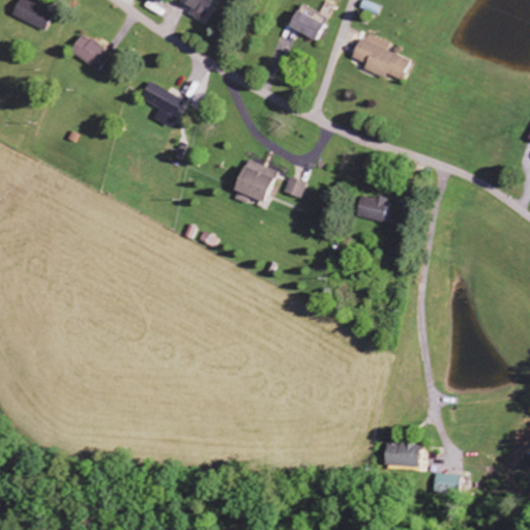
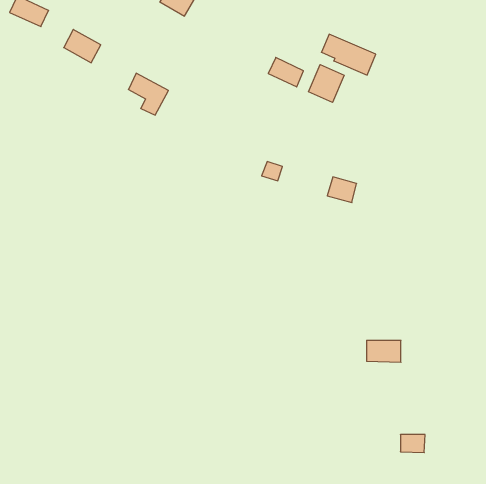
building: [285,8,323,40] -> [268,57,303,87]
building: none -> [308,65,344,102]
building: [233,161,275,200] -> none
building: [386,443,423,467] -> [367,340,401,362]

